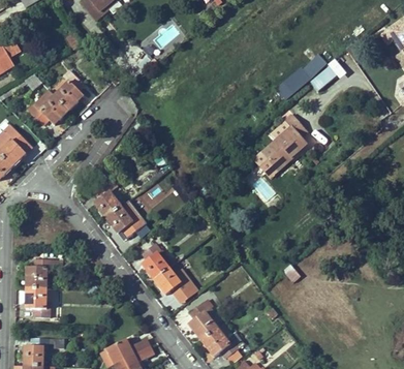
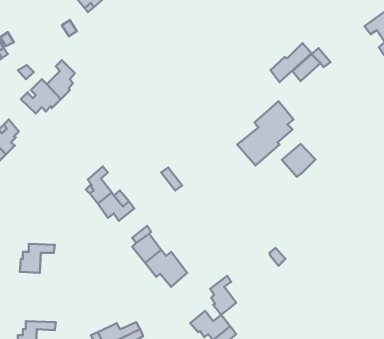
building: none -> [282,144,316,177]
building: [26,288,51,317] -> none
building: [190,301,217,341] -> [210,276,236,315]

